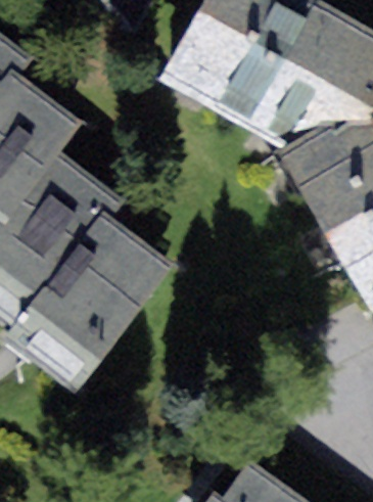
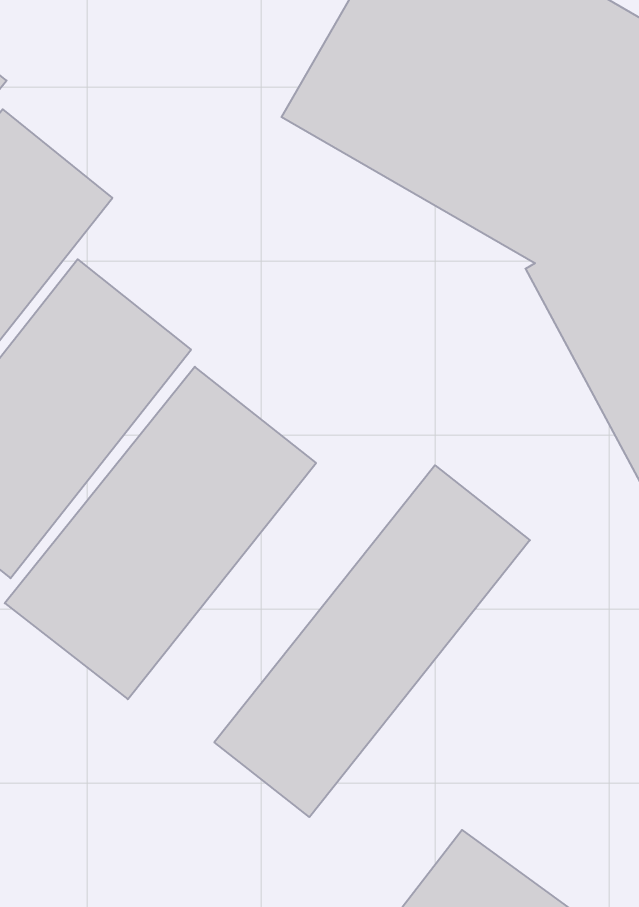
building: none -> [214,465,530,817]

